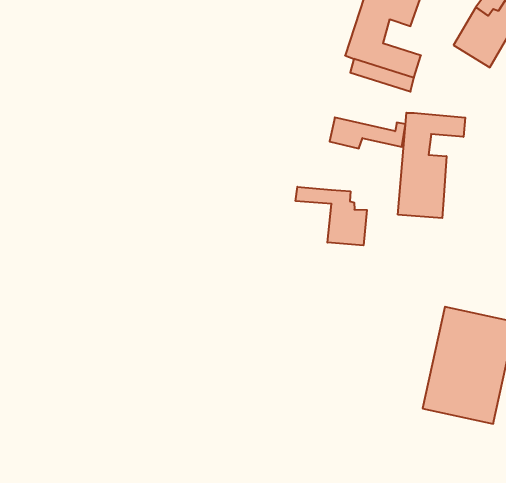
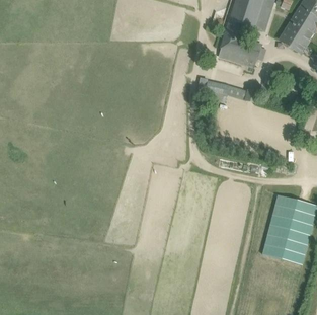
building: [398,113,465,218] -> none
building: [296,187,367,245] -> none

